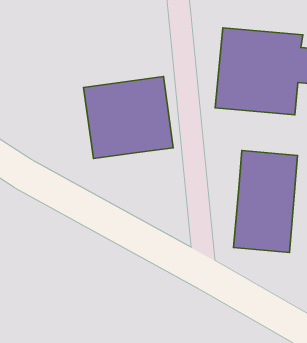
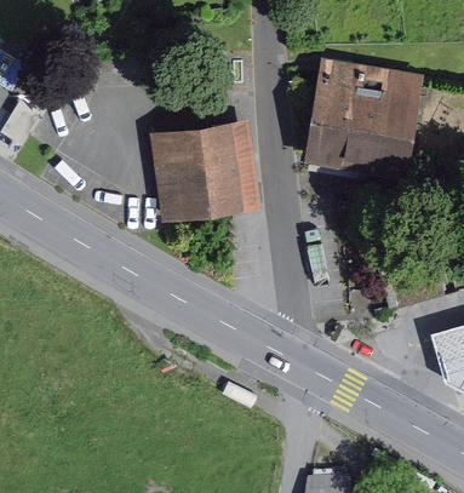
building: [234,150,298,253] -> none

